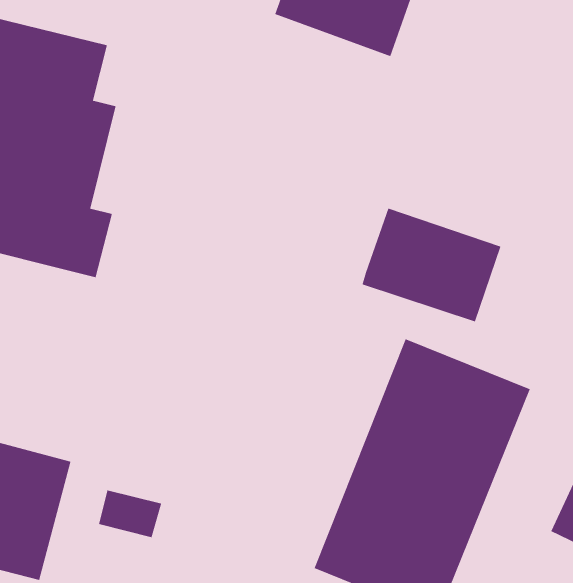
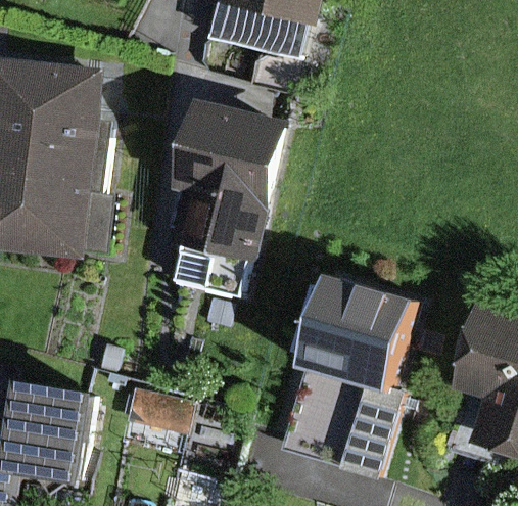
building: none -> [168,120,275,301]
building: [362,208,501,322] -> none

